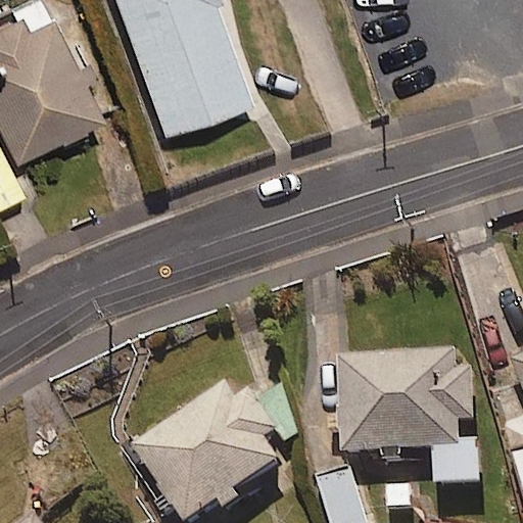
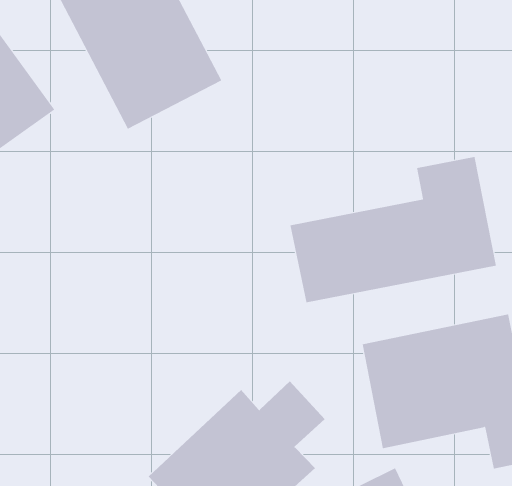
building: none -> [290,156,497,303]

